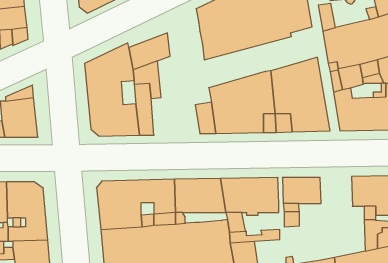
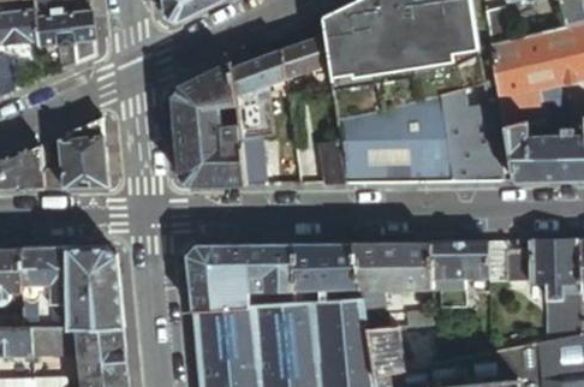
building: none -> [282,36,329,81]
building: none -> [487,242,530,282]

